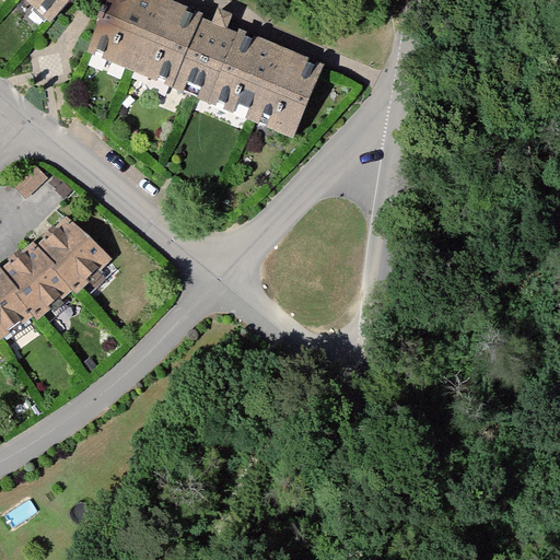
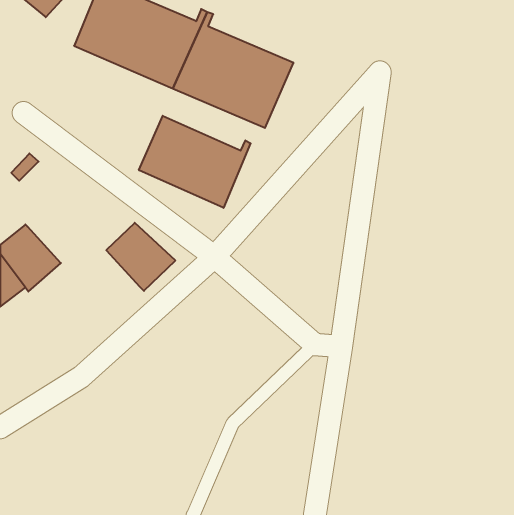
building: none -> [139,116,251,208]
building: [35,214,109,288] -> [106,223,175,291]

